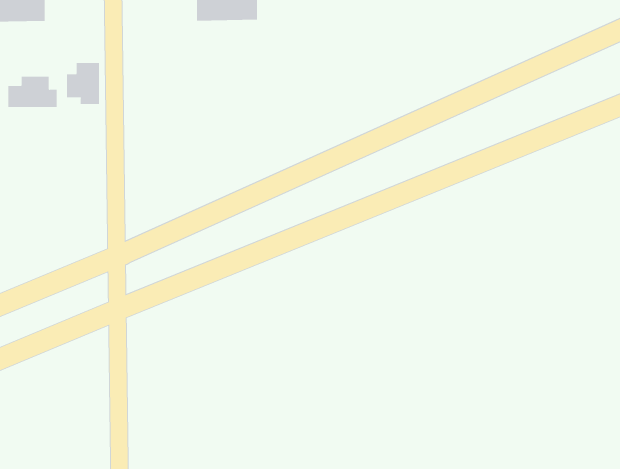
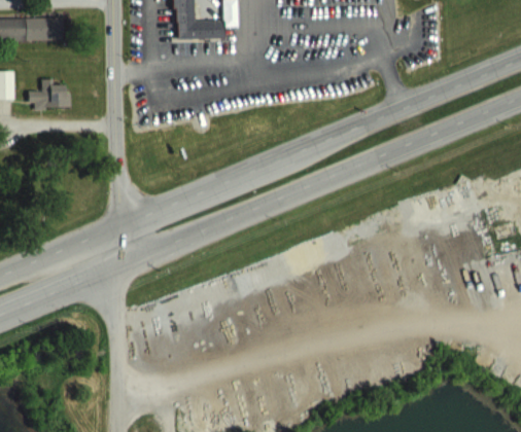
building: [66,62,100,105] -> none

